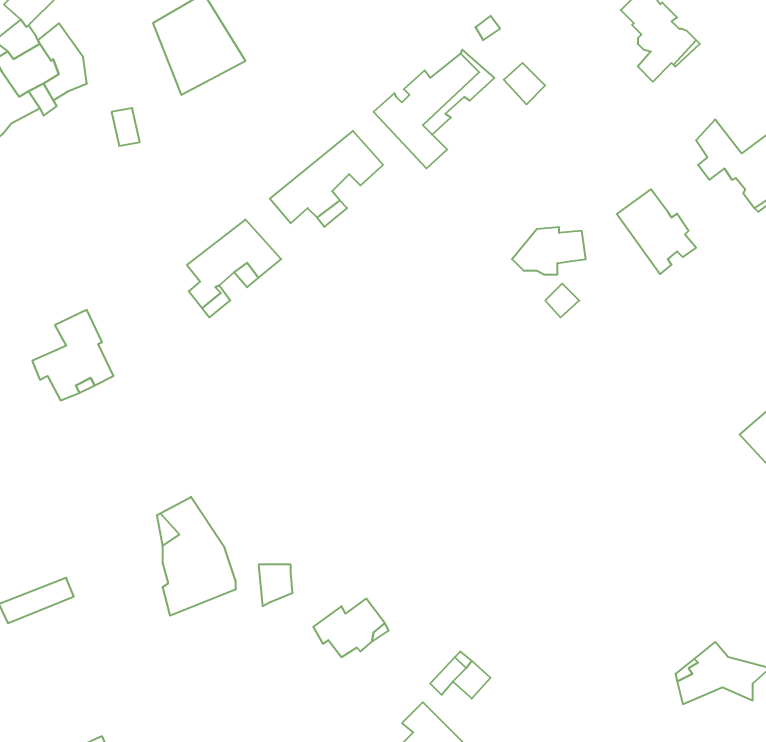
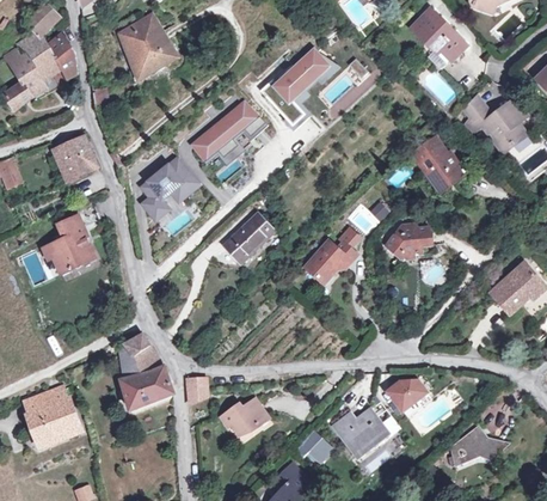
building: none -> [51,135,94,179]
building: [512,227,586,274] -> [385,225,431,255]
building: none -> [222,214,274,263]
building: none -> [303,240,356,283]
building: none -> [385,380,429,416]
building: none -> [26,397,80,444]
building: none -> [331,408,388,456]

